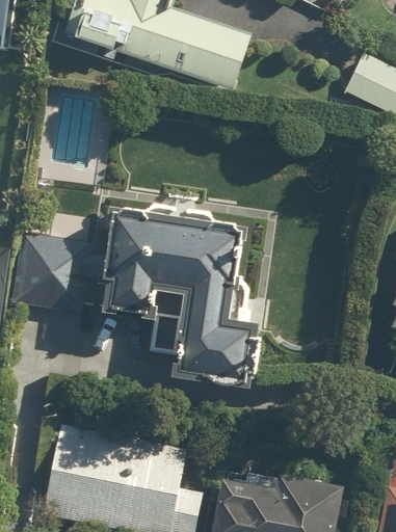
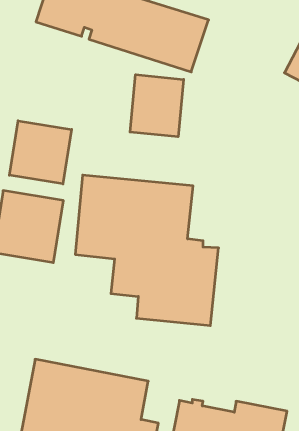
building: none -> [130,75,184,137]
building: none -> [9,121,72,184]

